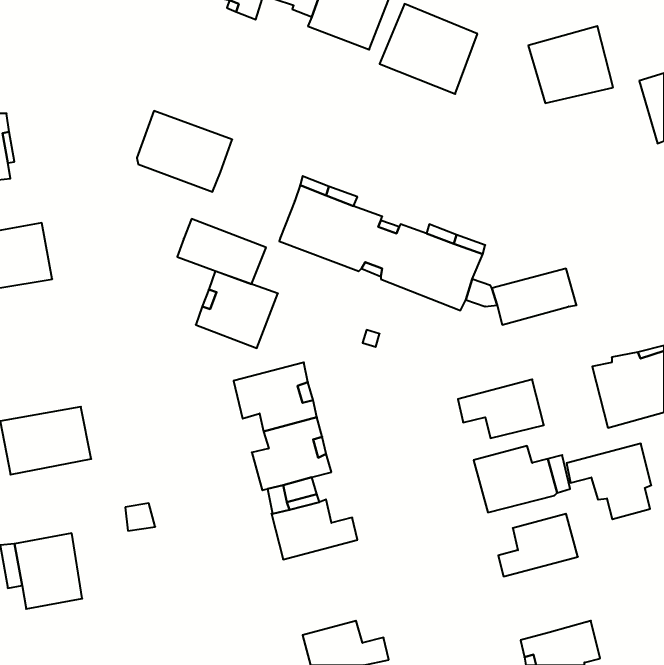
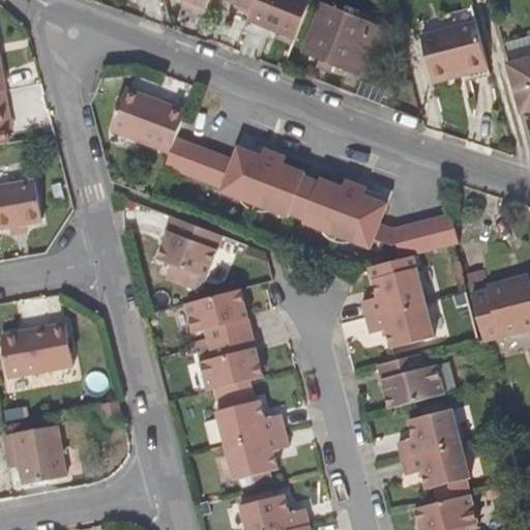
building: [177,219,266,284] -> [164,137,234,188]
building: none -> [358,268,422,317]
building: [567,444,651,519] -> [400,442,467,502]
building: none -> [225,429,288,478]

